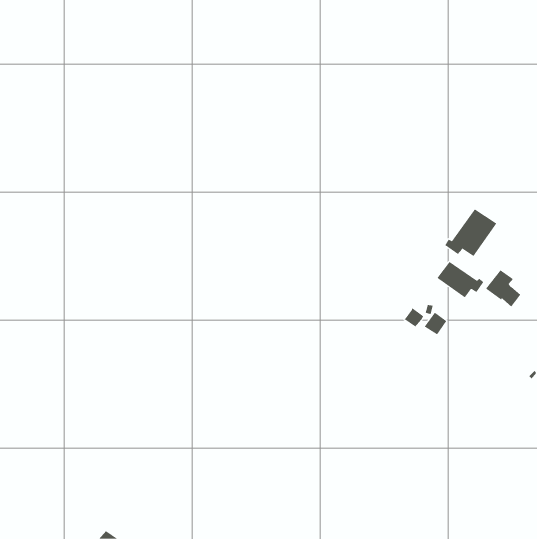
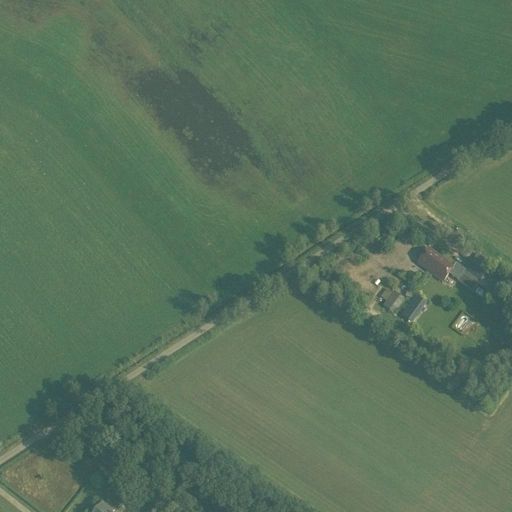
building: [444,208,497,257] -> none

